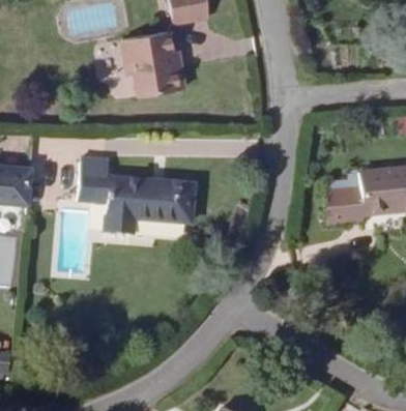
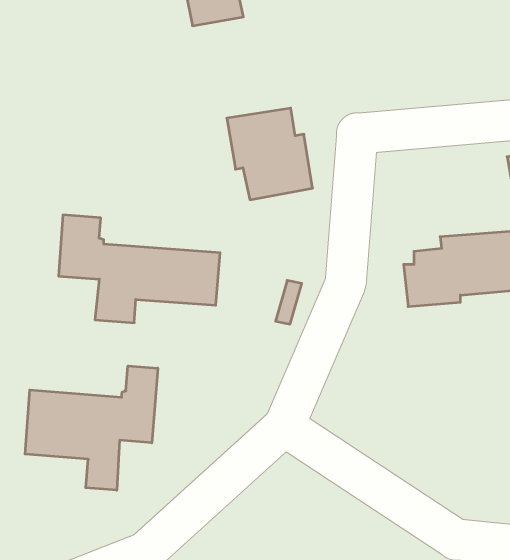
building: [123,31,184,96] -> [227,108,313,200]
building: none -> [25,366,158,490]

